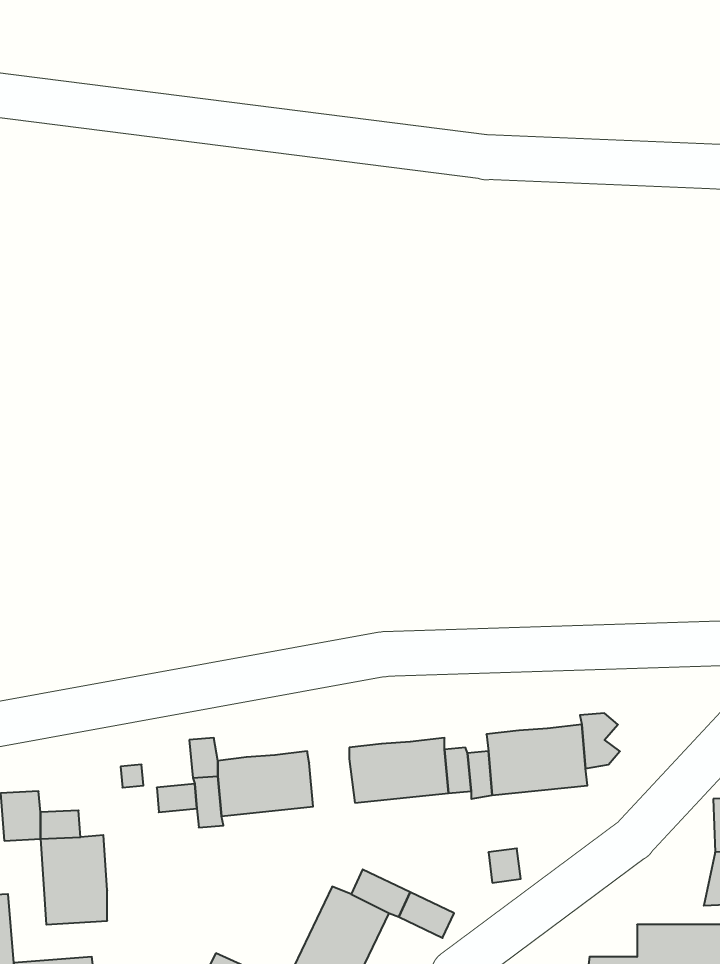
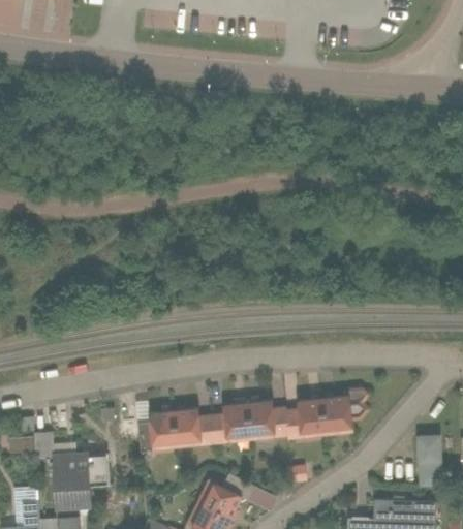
building: none -> [197,414,222,440]
building: none -> [86,455,105,486]

